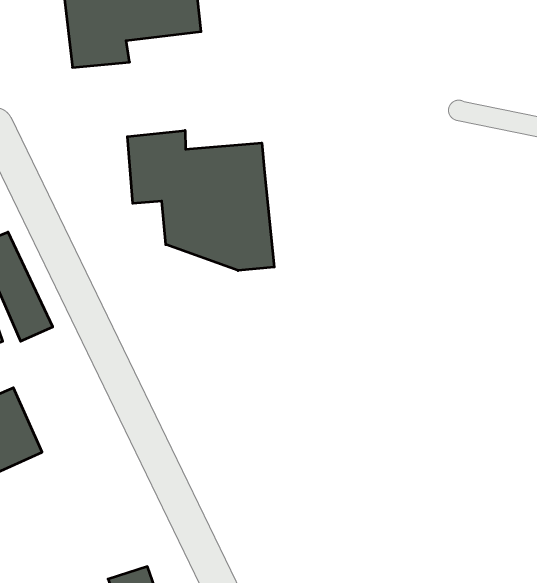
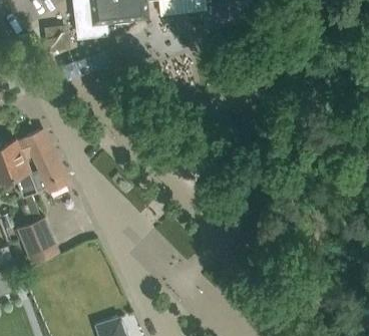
building: [127,130,274,271] -> none

